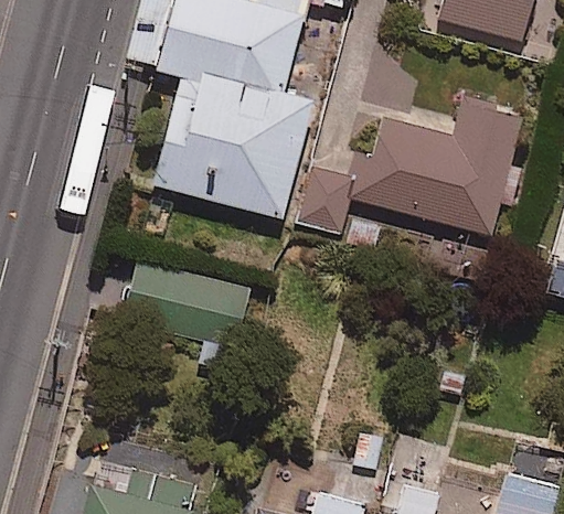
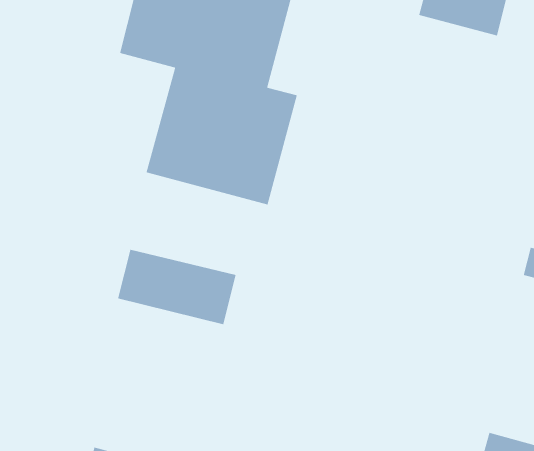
building: [299,101,526,236] -> none

